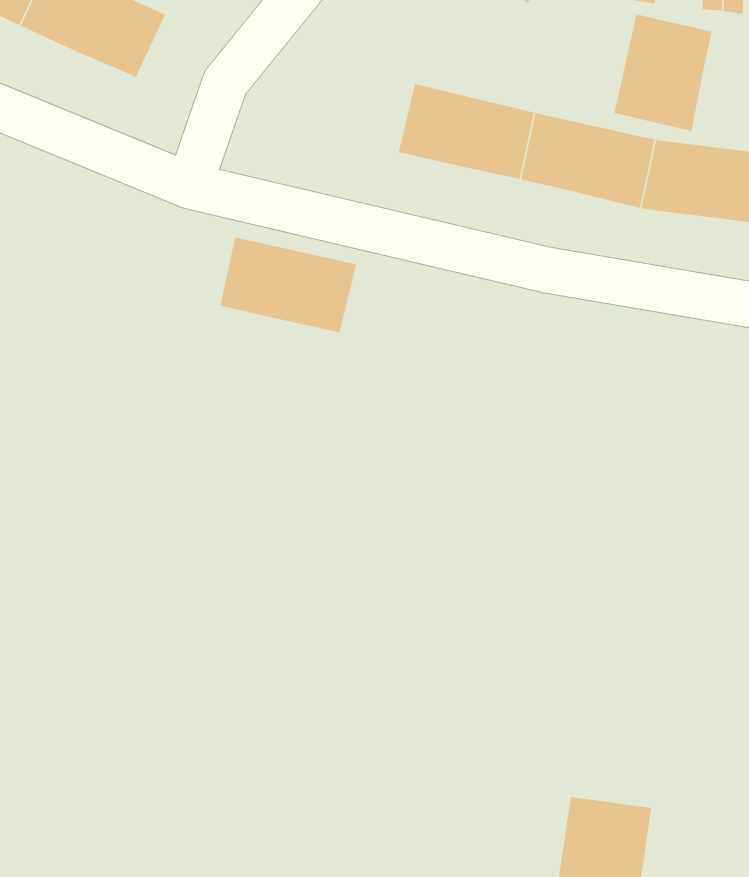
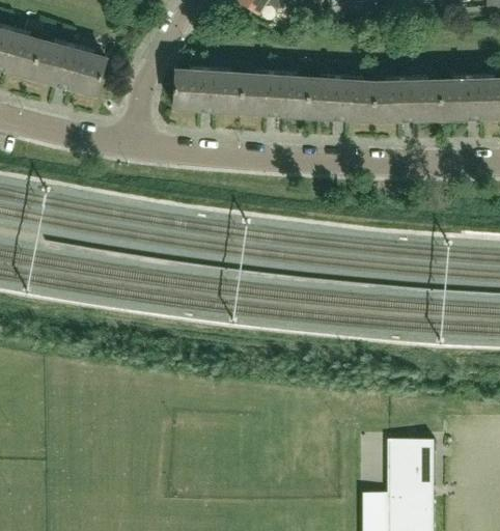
building: [613,14,713,132] -> none
building: [220,236,357,333] -> [174,68,244,111]

